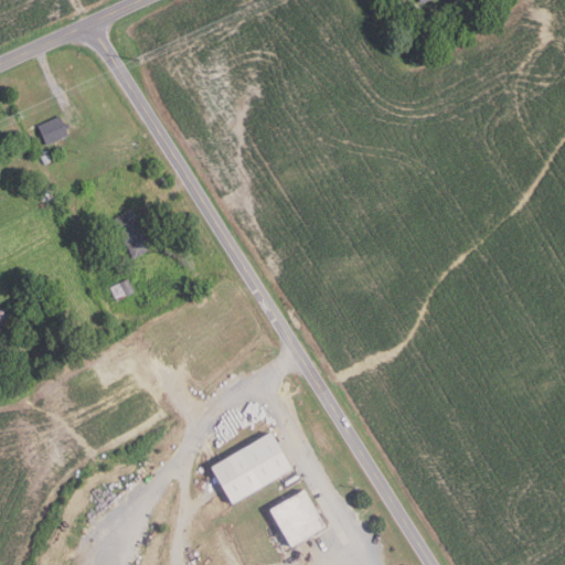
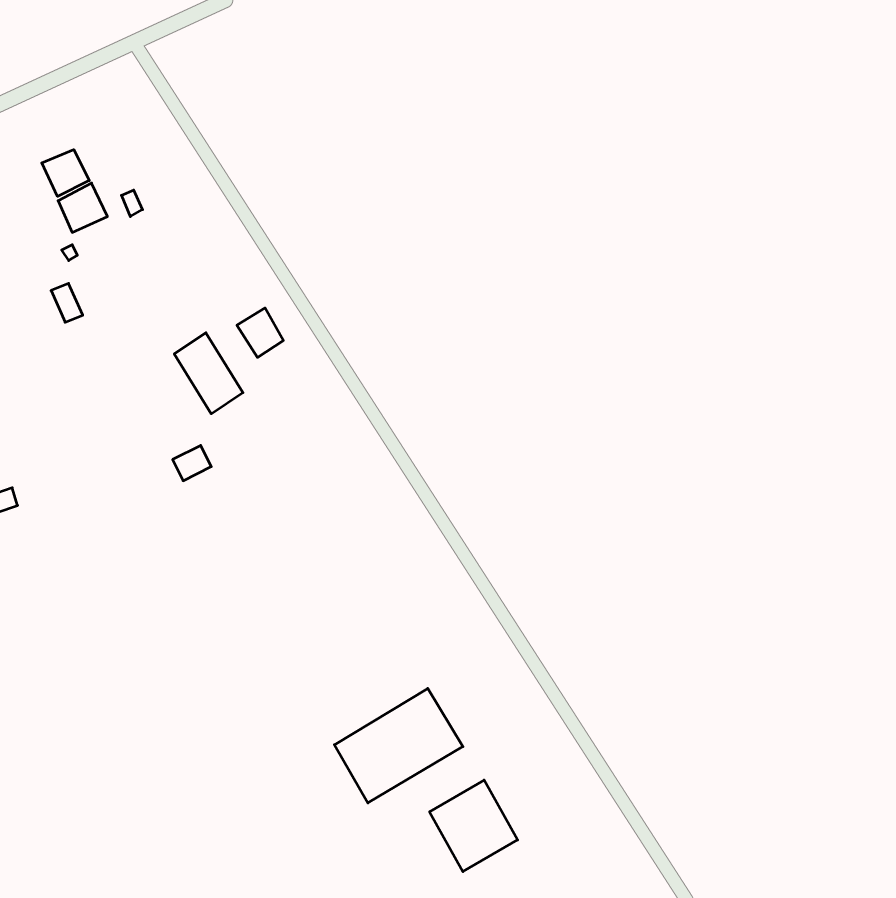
building: none -> [42,150,89,196]
building: none -> [237,308,283,357]

